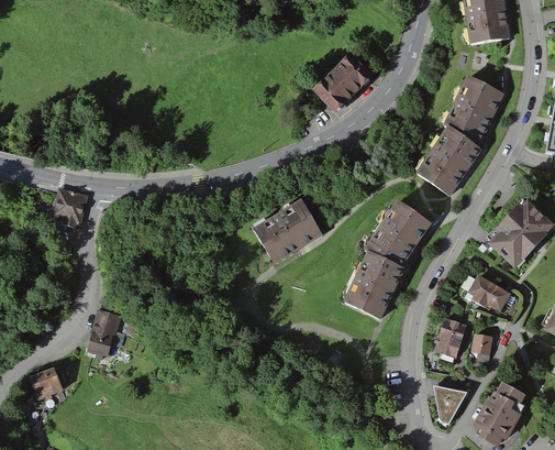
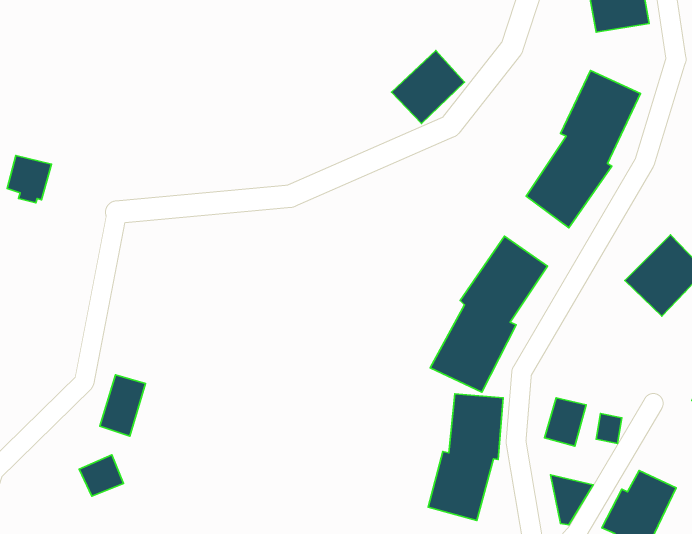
building: [53,188,87,224] -> [7,156,51,203]
building: [252,198,322,263] -> none
building: [464,273,518,318] -> none
building: none -> [428,394,503,520]
building: [29,365,63,397] -> [79,455,123,496]

